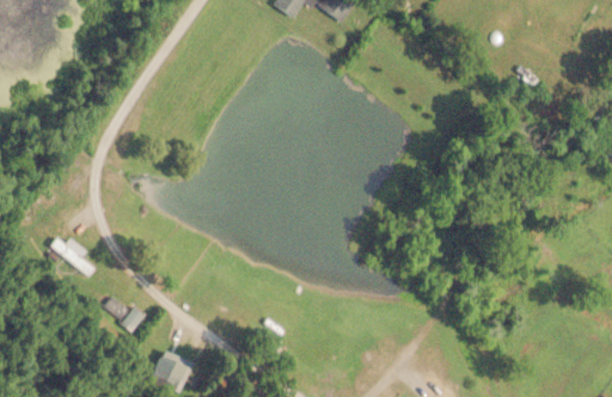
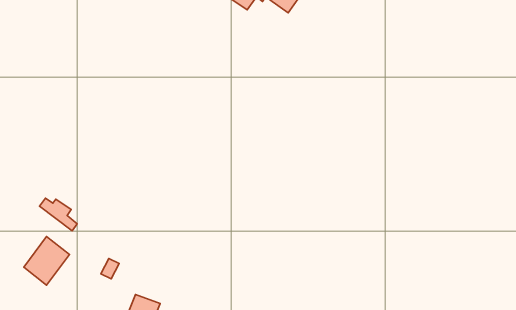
building: none -> [24,237,69,285]

